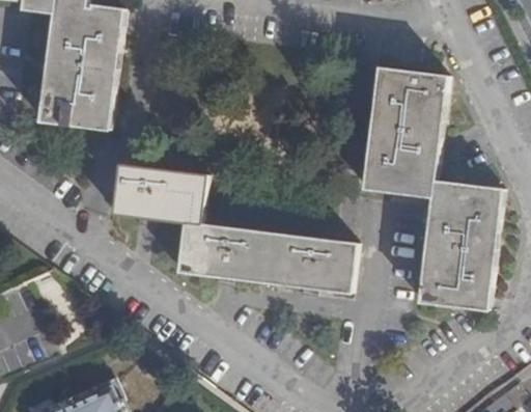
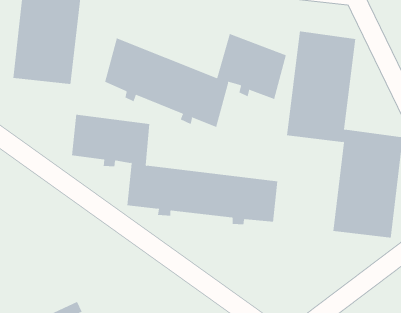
building: none -> [104,33,286,128]

